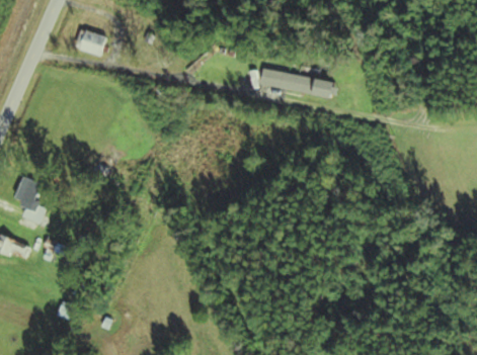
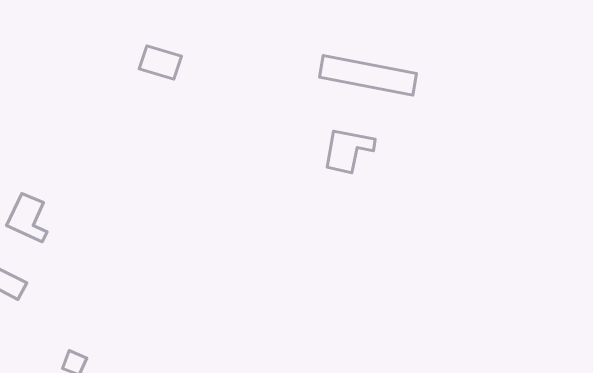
building: [73,30,106,57] -> [139,46,181,79]
building: none -> [327,131,375,173]

